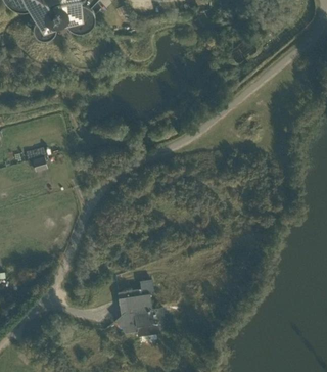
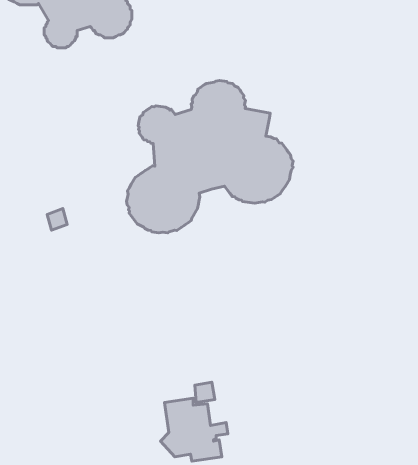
building: none -> [127,80,293,233]

